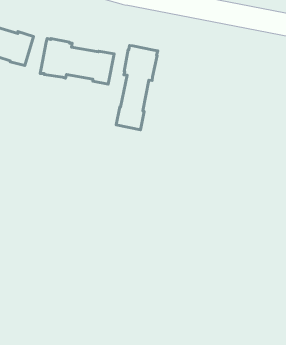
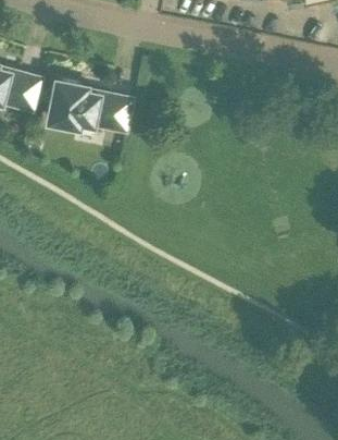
building: [116,45,158,130] -> none

